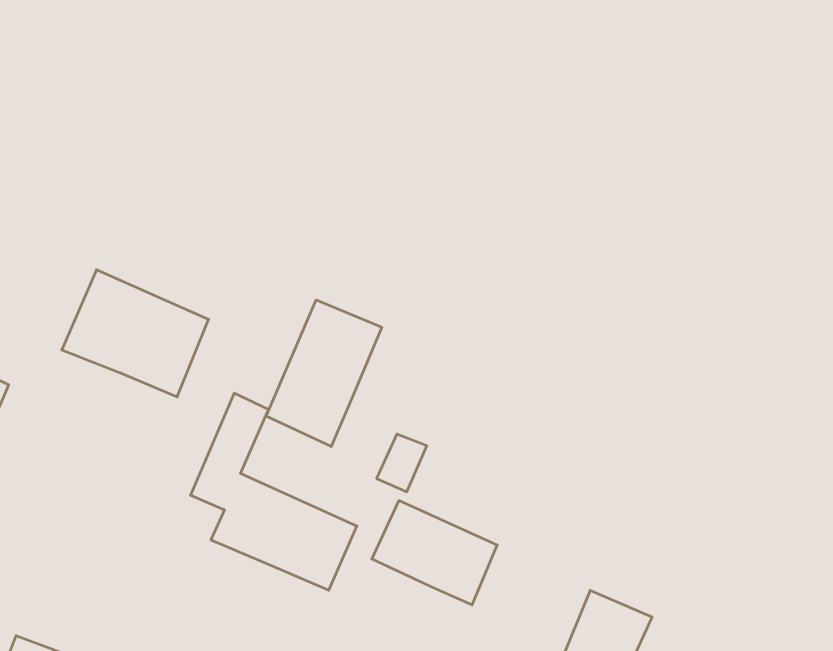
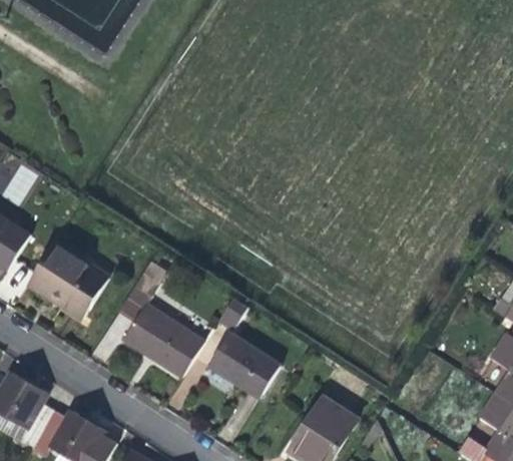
building: [62,270,209,397] -> [26,242,108,318]
building: [266,300,382,447] -> none

